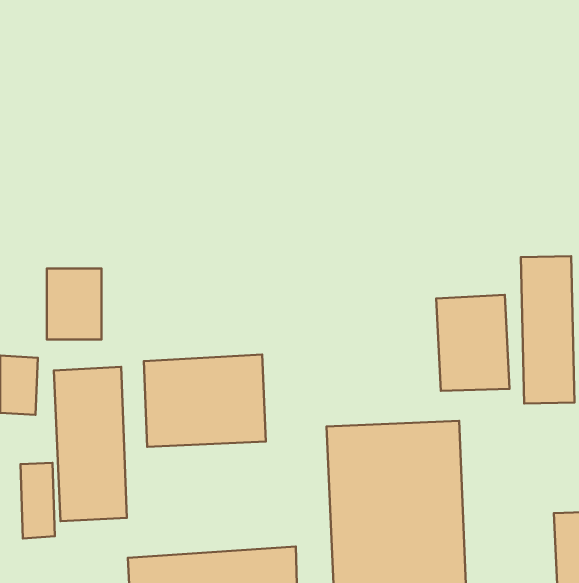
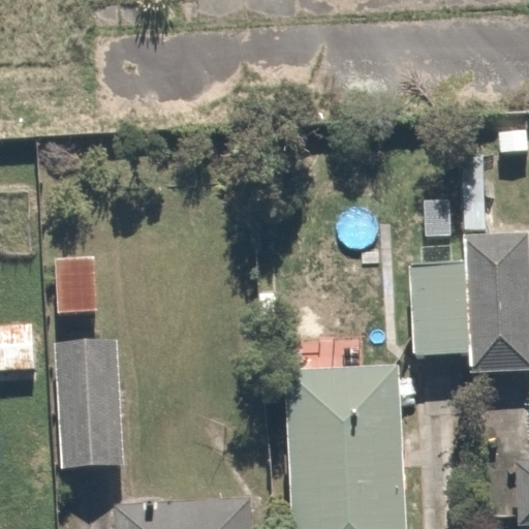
building: [144,354,266,447] -> none

